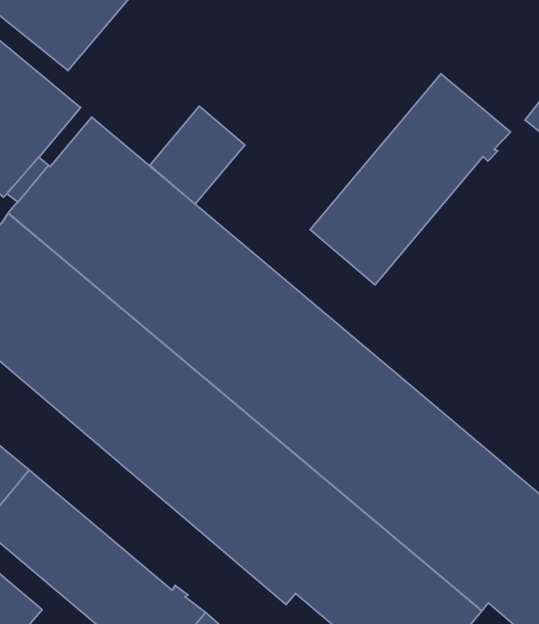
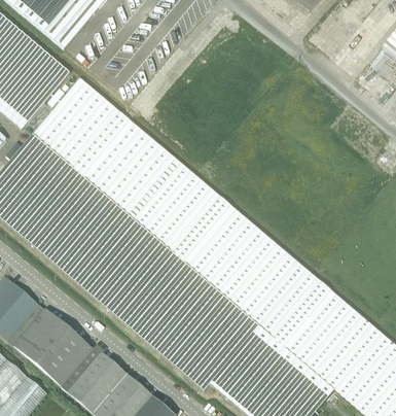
building: [310,74,510,285] -> none
building: [150,106,245,204] -> none

